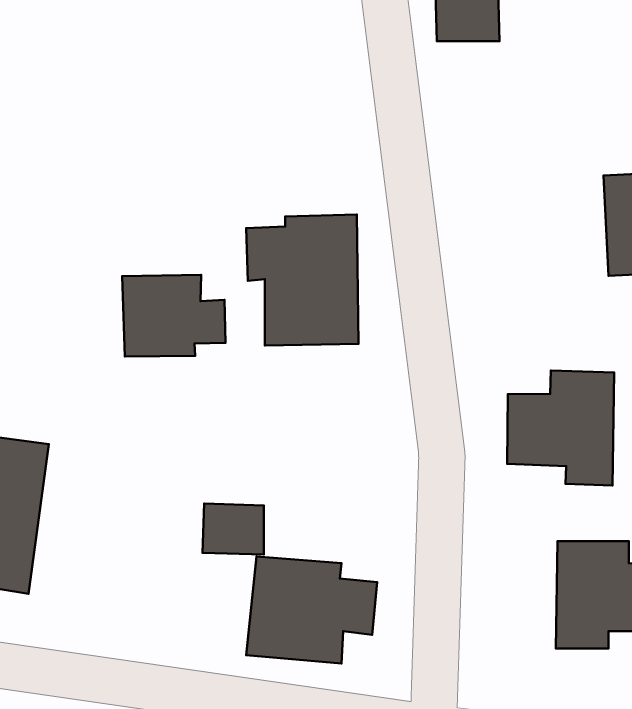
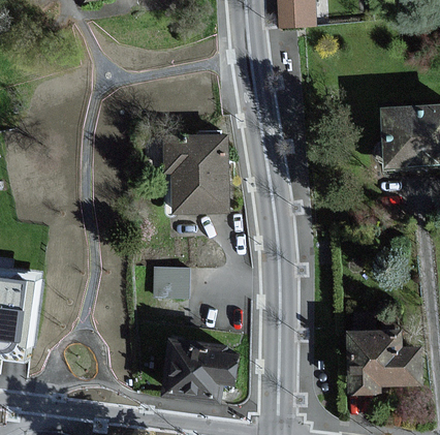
building: [122,275,226,356] -> none
building: [507,370,614,486] -> none
building: [203,504,264,555] -> [151,266,188,297]

